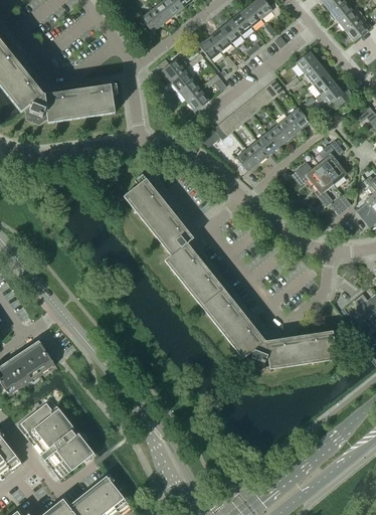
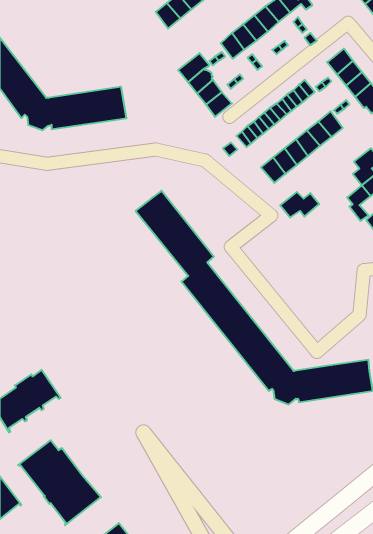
building: [291,162,326,185] -> [280,192,319,218]

